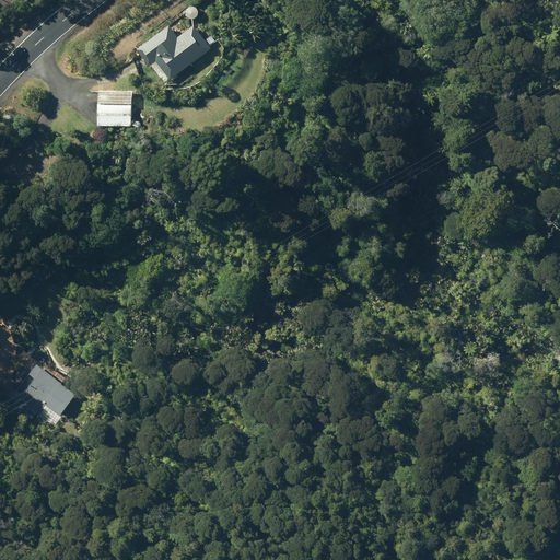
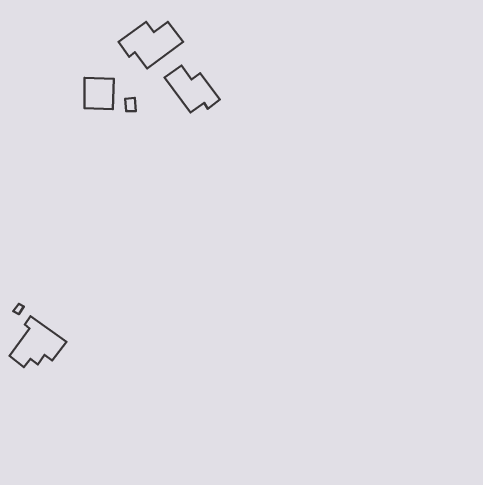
building: none -> [165,66,220,113]

